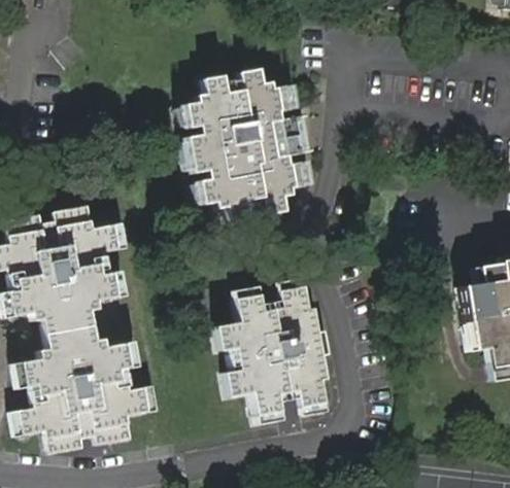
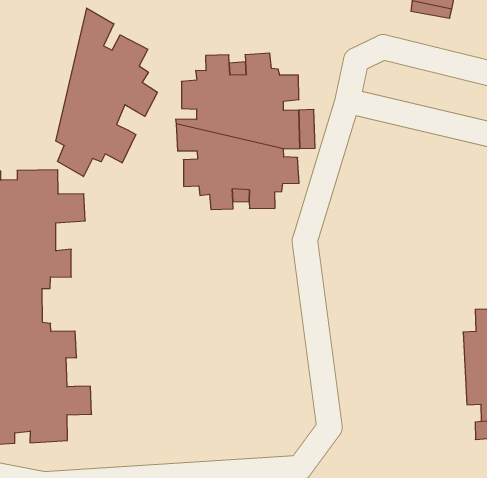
building: none -> [56,8,157,177]
building: [214,290,328,418] -> none

